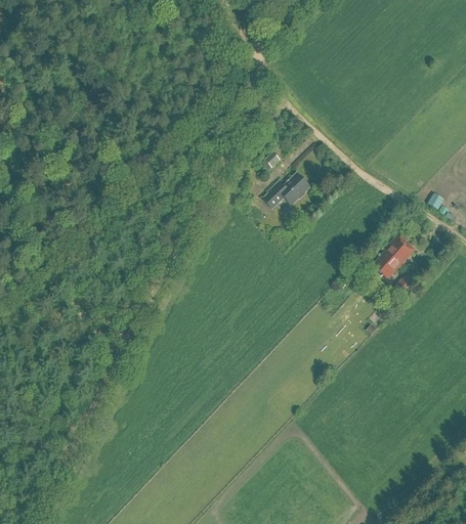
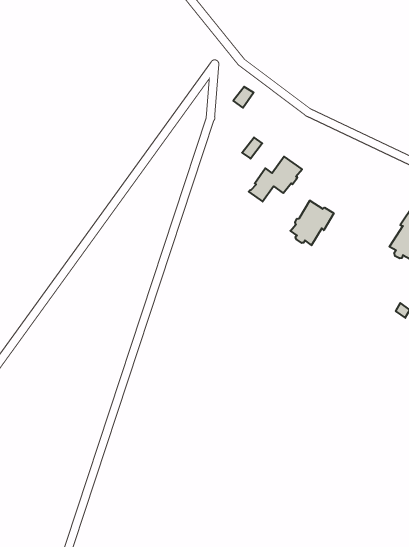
building: none -> [290,200,334,245]

